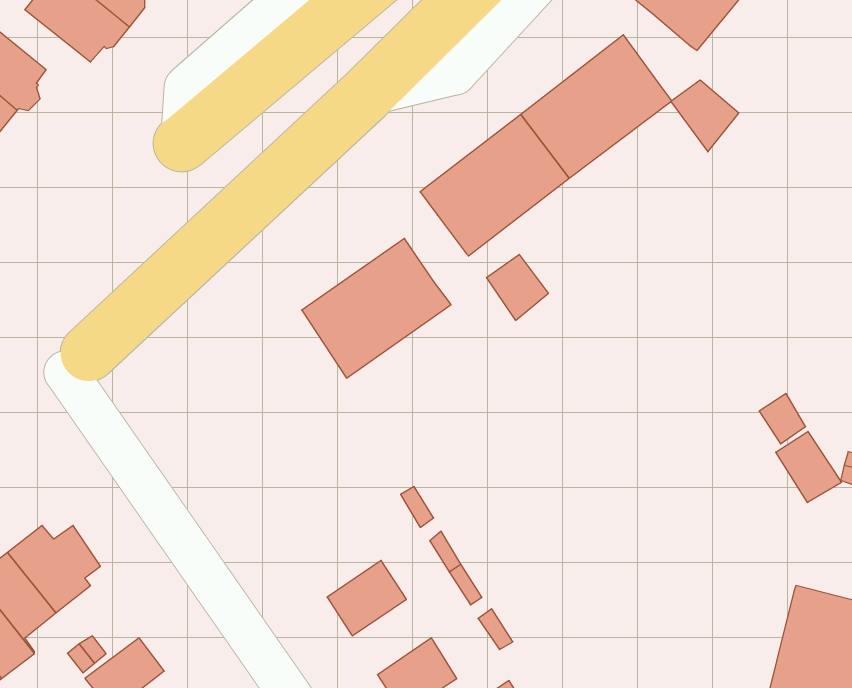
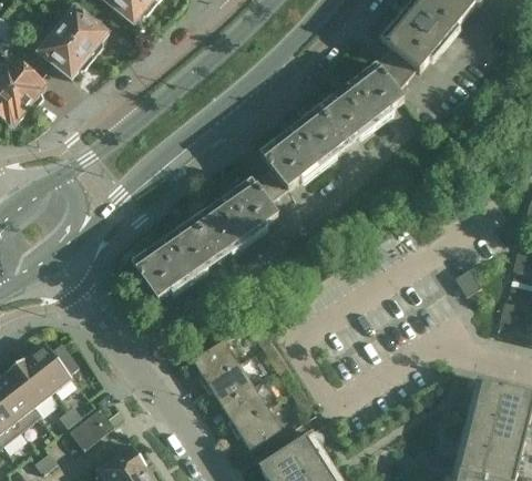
building: [671,80,739,152] -> [376,51,415,92]
building: [486,254,548,320] -> [250,166,286,204]
building: none -> [131,221,217,301]
building: [776,431,841,503] -> none
building: none -> [192,341,237,385]
building: none -> [221,386,266,429]

